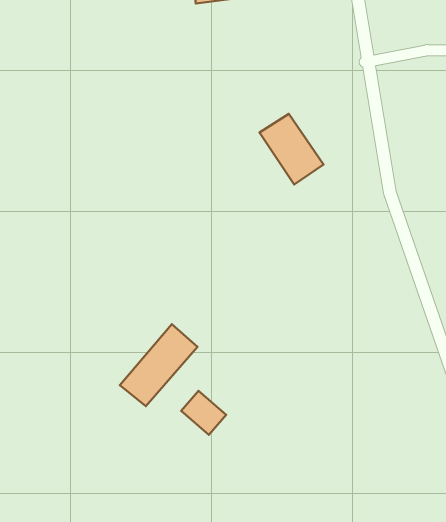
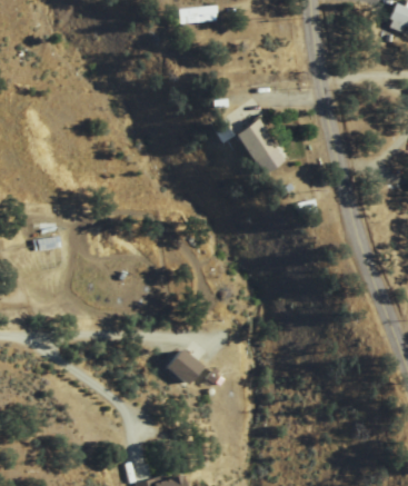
building: [120,324,197,406] -> none

